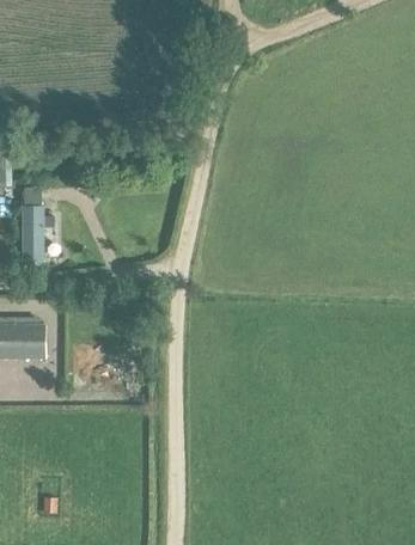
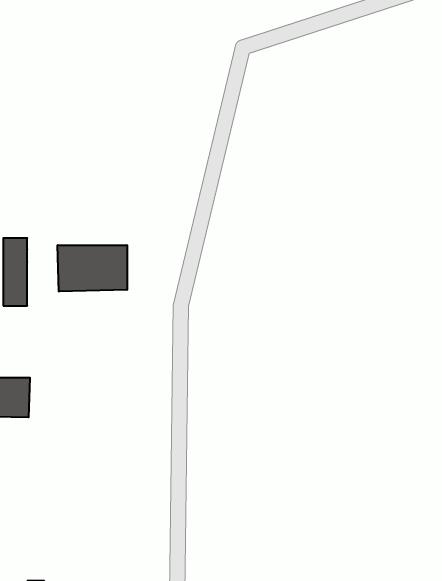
building: none -> [58,245,127,292]

